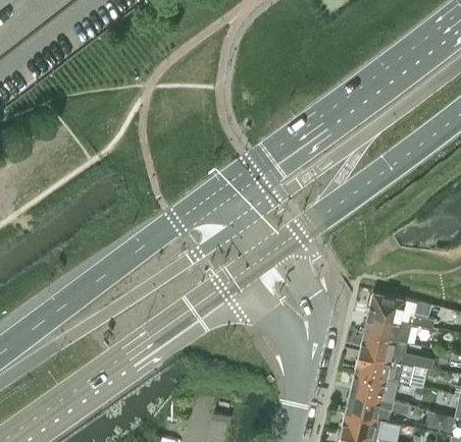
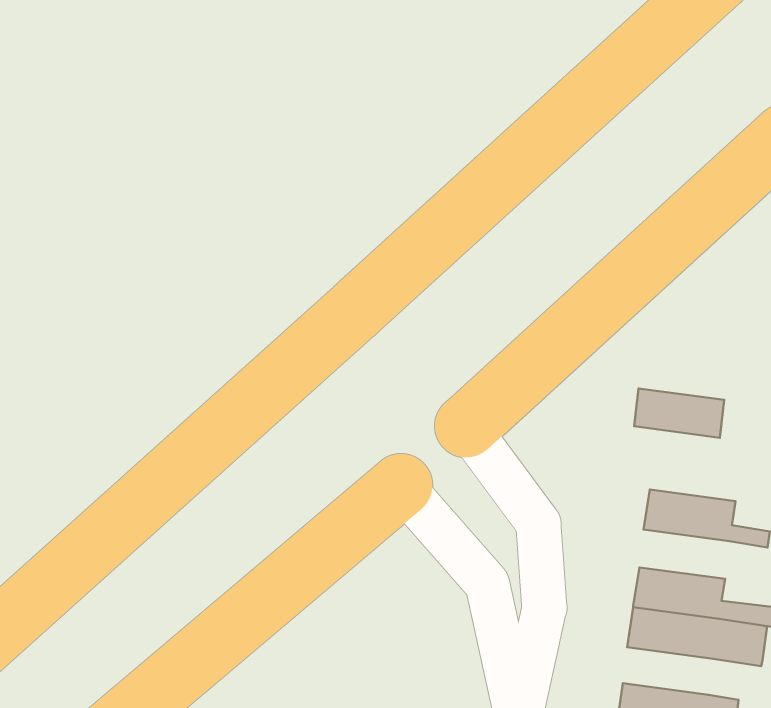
building: [363,322,411,351] -> [634,388,724,438]
building: [349,382,397,410] -> none

